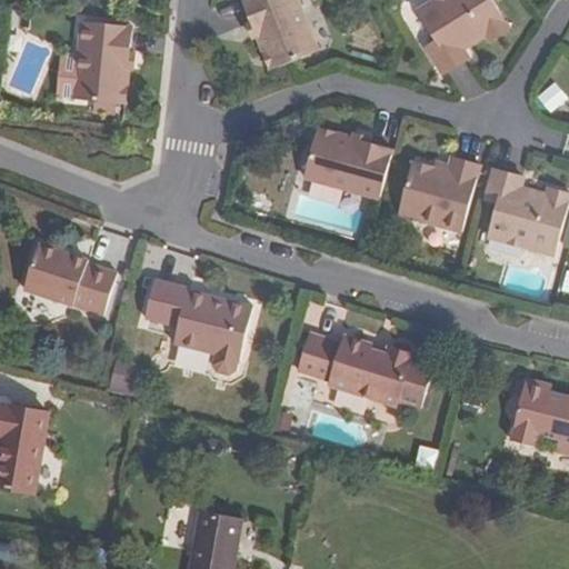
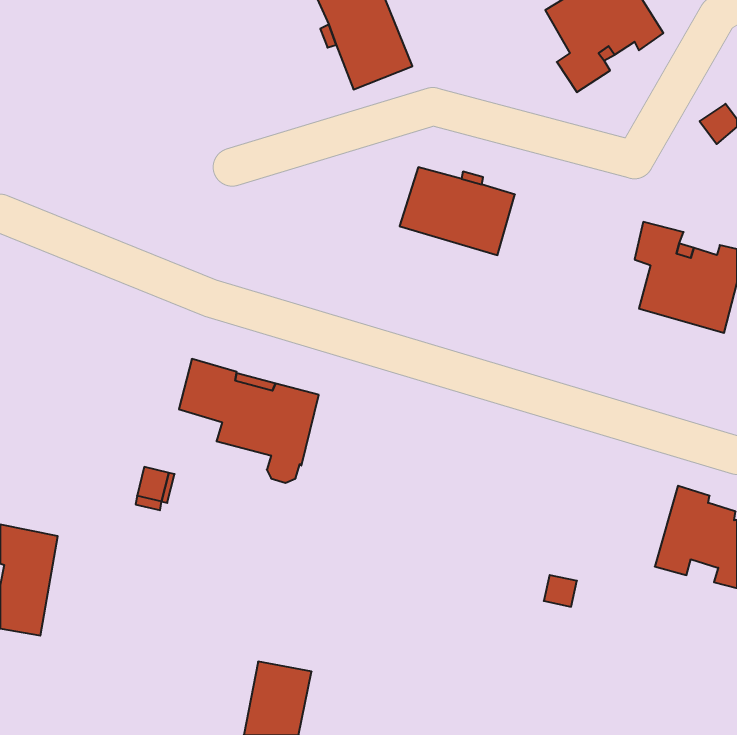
building: [64,19,138,102] -> none
building: [405,159,482,229] -> none
building: [18,243,111,313] -> none
building: [291,333,428,407] -> none

